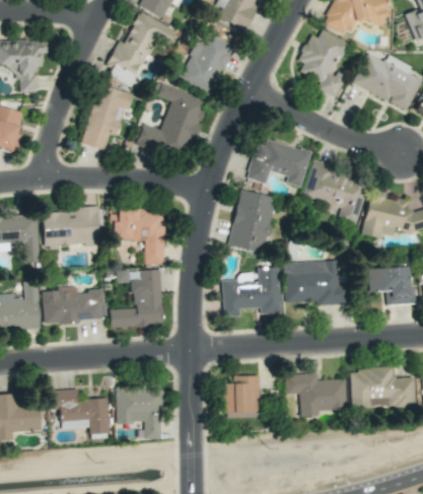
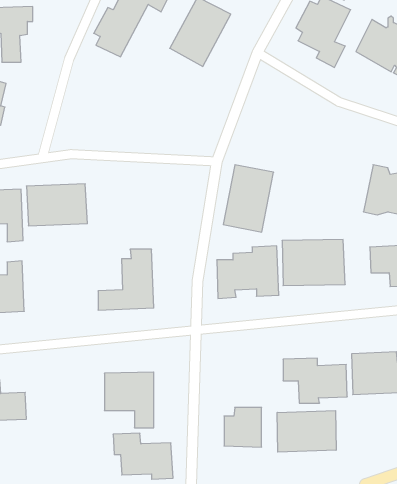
building: [136,82,208,161] -> none
building: [82,84,133,150] -> none
building: [248,140,311,188] -> none
building: [303,161,368,225] -> none
building: [112,209,164,265] -> none
building: [42,288,105,323] -> none
building: [223,375,259,413] -> [224,407,262,447]
building: [53,390,110,433] -> [113,433,173,479]
building: none -> [277,411,336,452]

